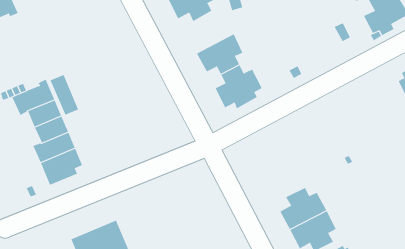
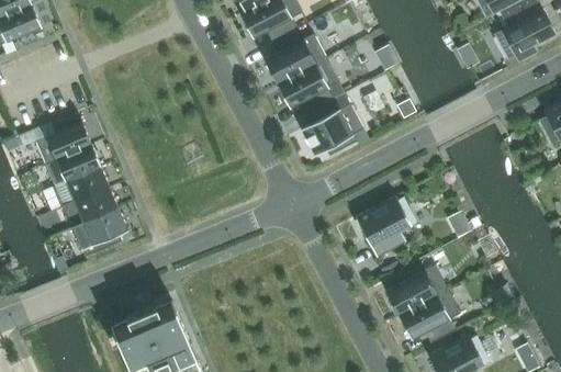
building: none -> [263,27,326,83]
building: [50,74,79,116] -> none
building: none -> [356,195,416,255]

